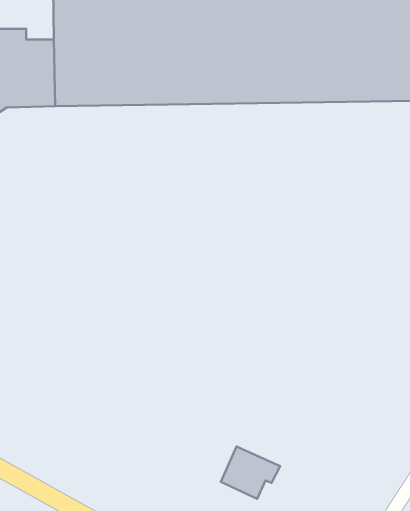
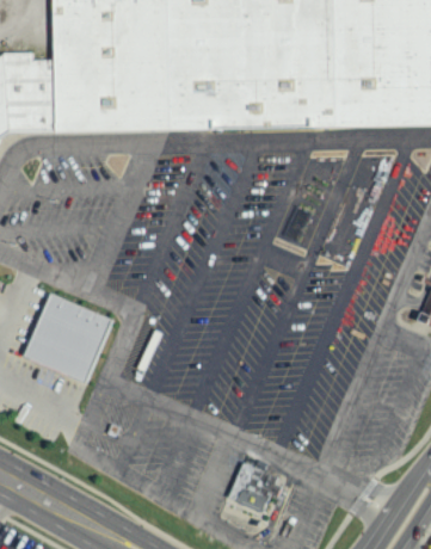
building: none -> [24,291,113,381]

